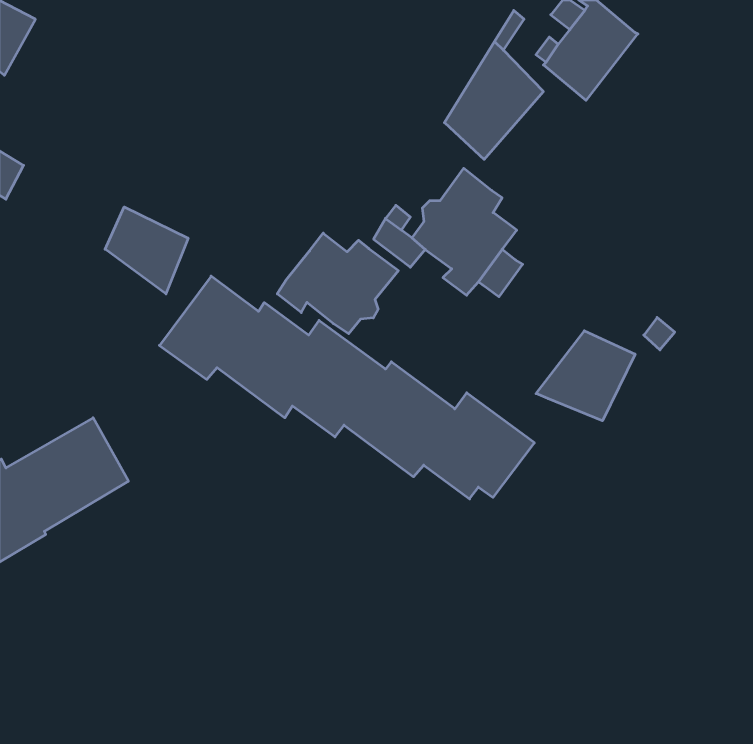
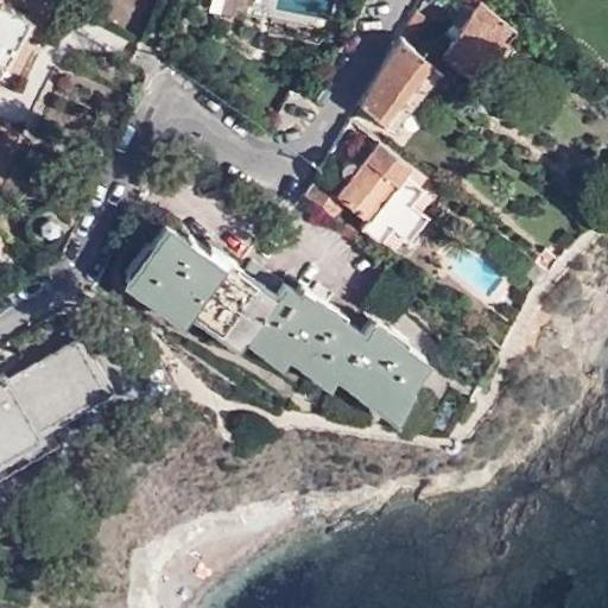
building: [105,207,188,294] -> none
building: [277,233,398,334] -> none
building: [536,331,635,421] -> none

